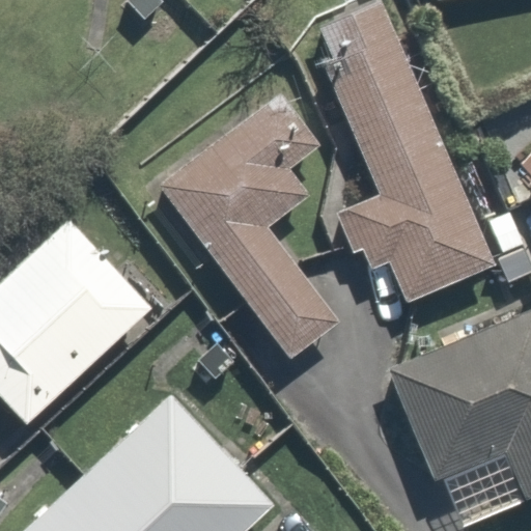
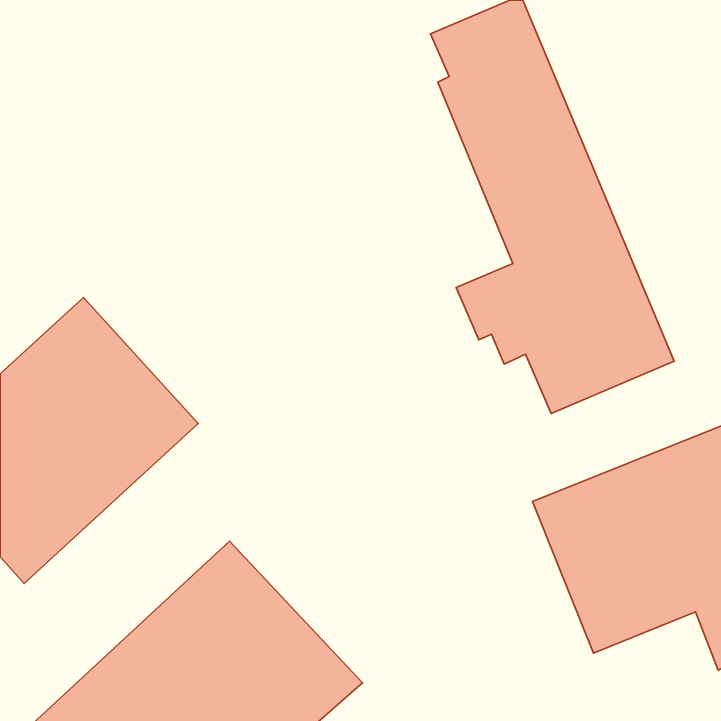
building: [160,94,339,359] -> none

